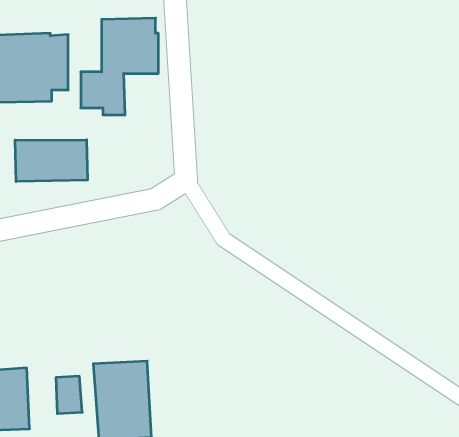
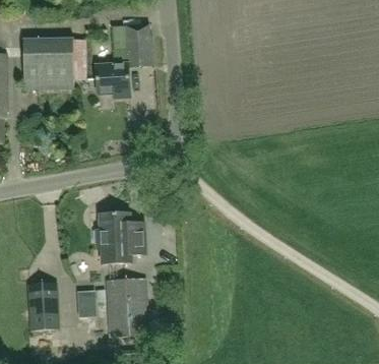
building: [15,140,87,182] -> none
building: none -> [97,211,147,264]

